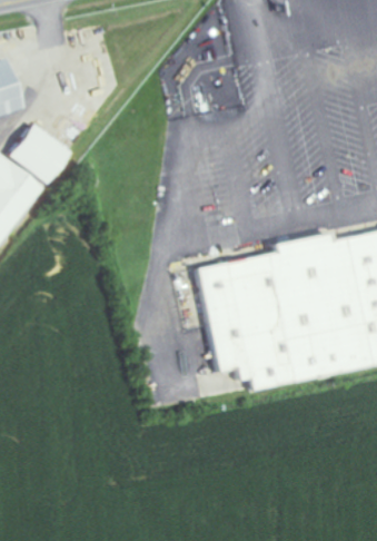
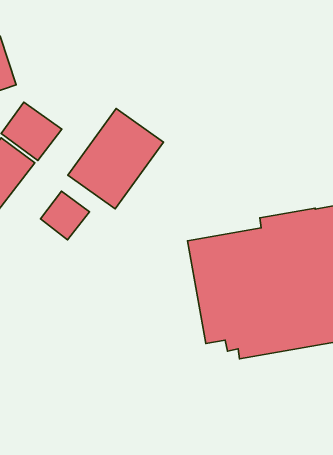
building: none -> [68,108,163,209]
building: none -> [40,191,89,240]

